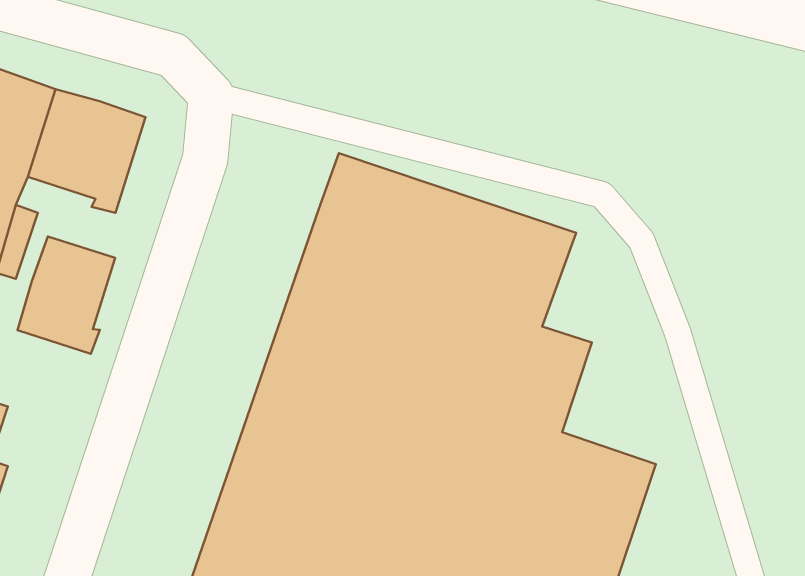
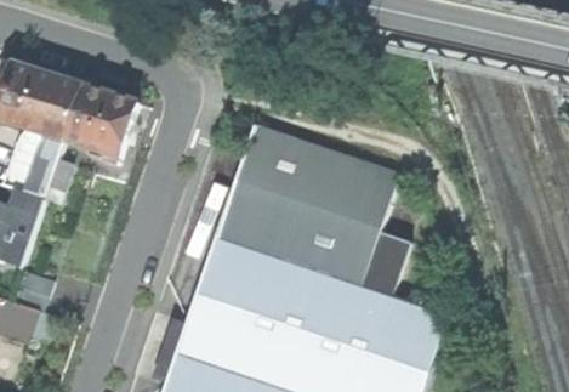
building: [17,236,115,354] -> none

